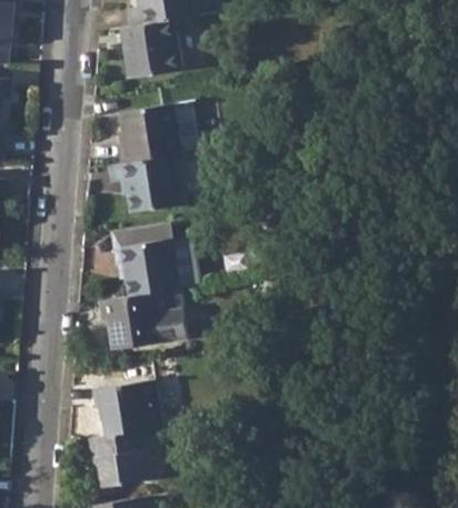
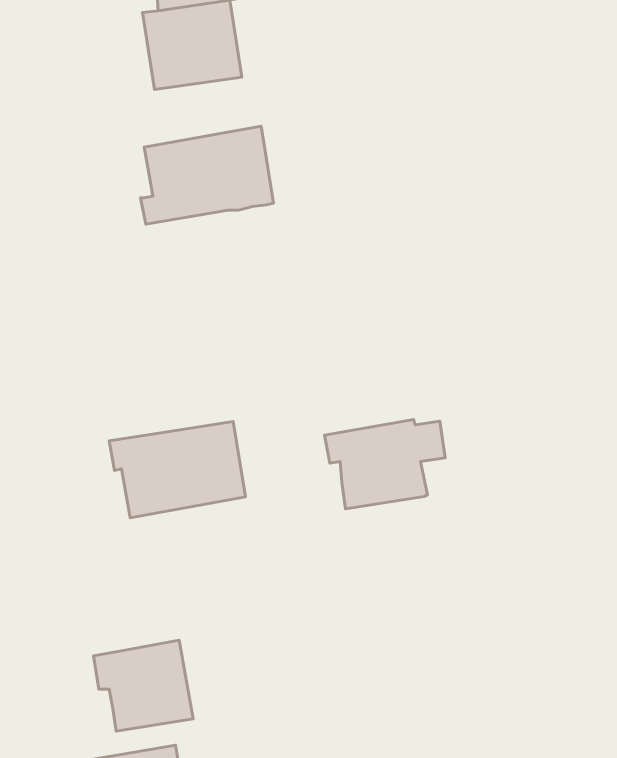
building: [106,153,178,211] -> none
building: [110,239,187,296] -> [324,420,445,509]
building: [90,379,159,434] -> none

